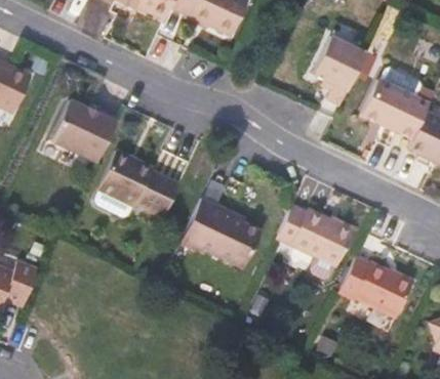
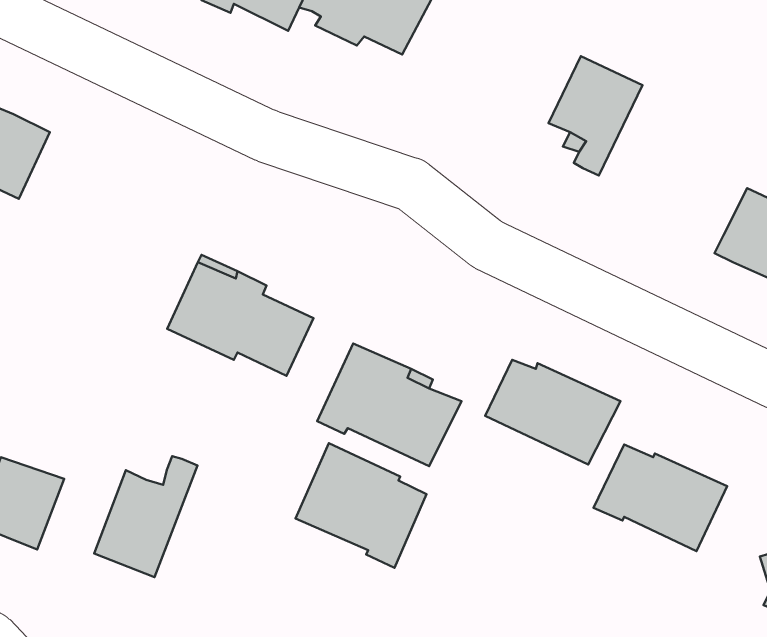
building: [362,78,429,136] -> none
building: [50,99,118,163] -> none
building: none -> [295,443,427,568]
building: none -> [94,456,197,577]

